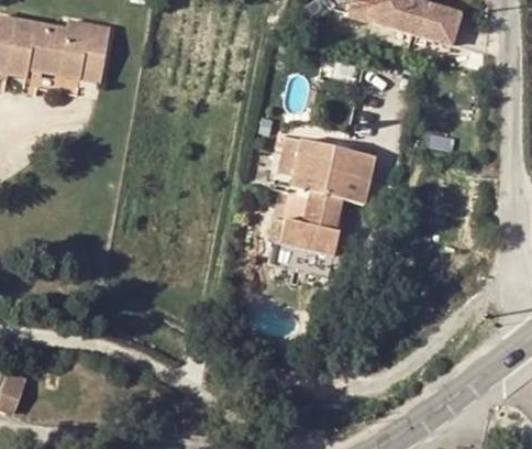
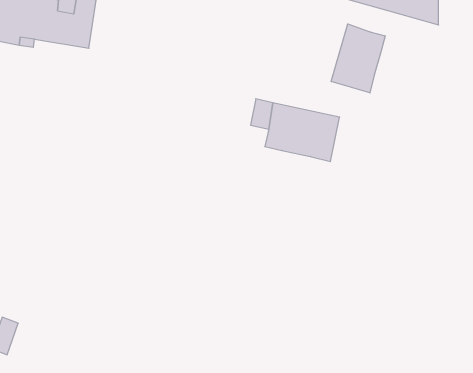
building: none -> [331,24,385,93]
building: [280,190,342,254] -> none

